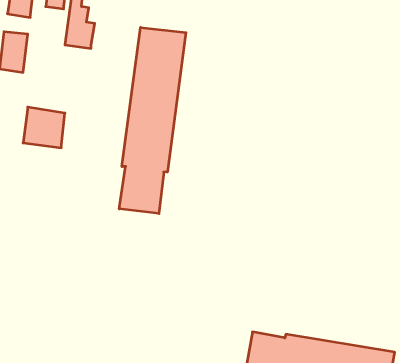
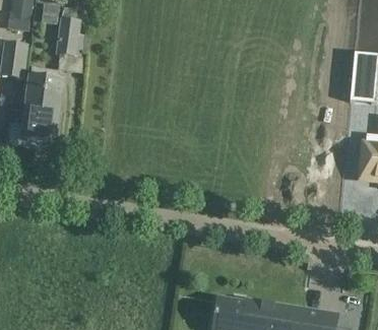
building: [119,27,186,214] -> none
building: none -> [25,65,61,111]

